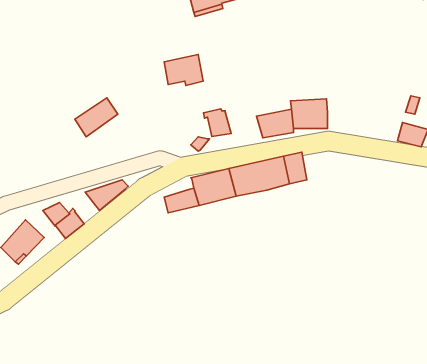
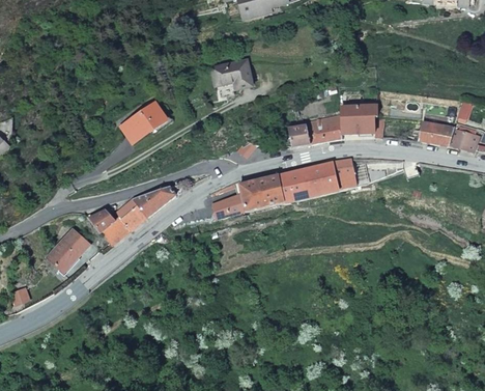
building: [203,109,231,137] -> [284,118,312,146]
building: none -> [420,120,453,146]
building: none -> [116,198,147,230]

